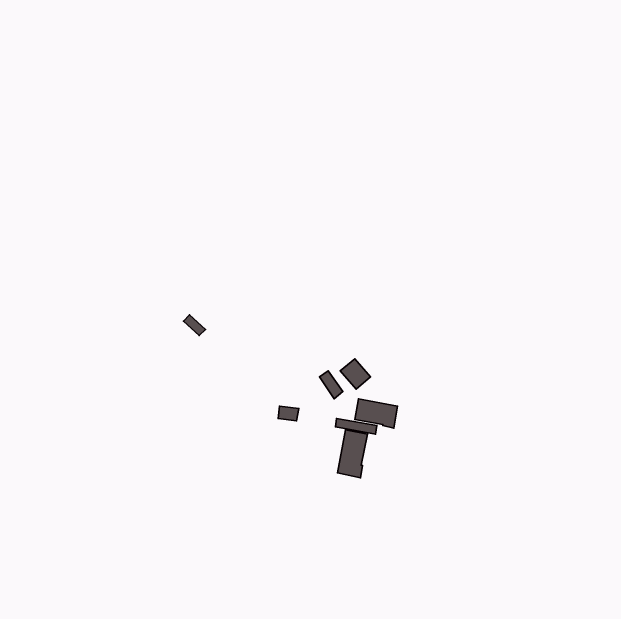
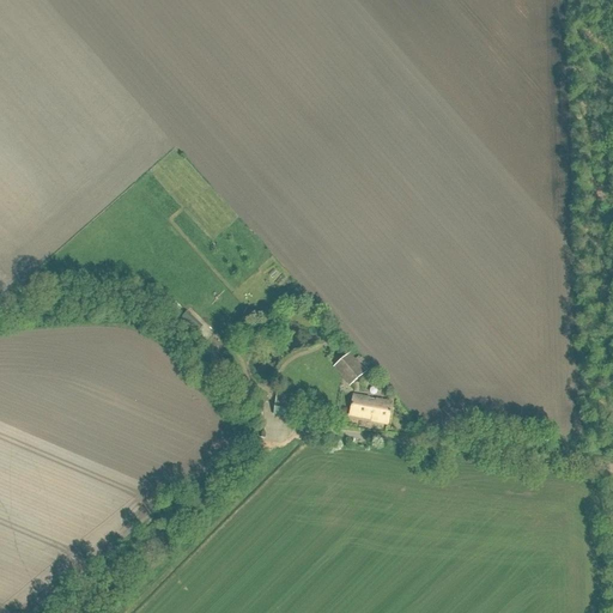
building: [337,430,367,478] -> none

